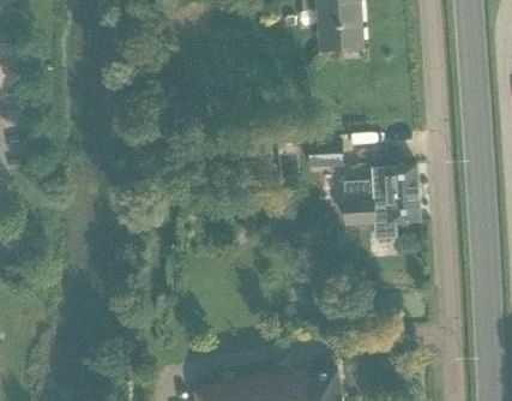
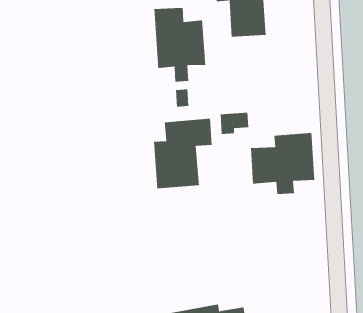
building: none -> [154,7,206,83]
building: none -> [153,118,212,189]

